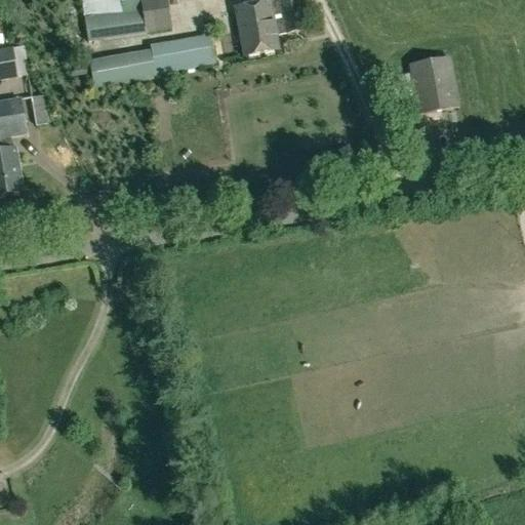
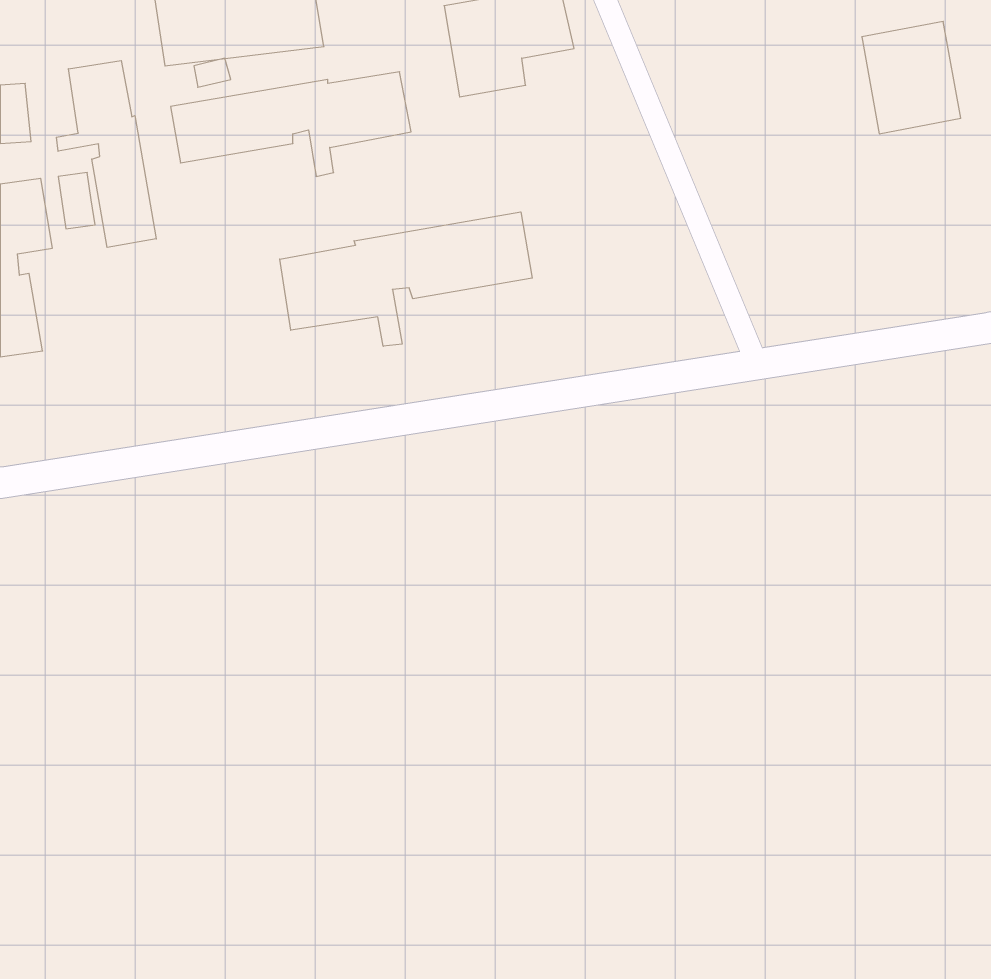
building: none -> [56,61,156,247]
building: [408,52,460,112] -> [862,21,961,134]
building: none -> [280,212,532,346]

